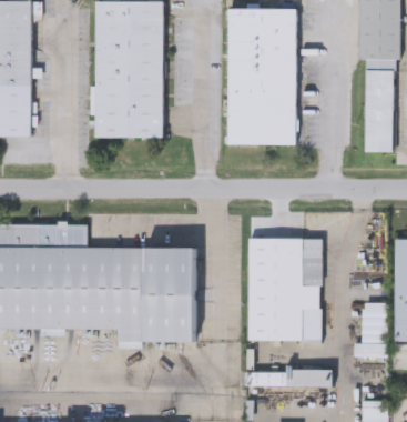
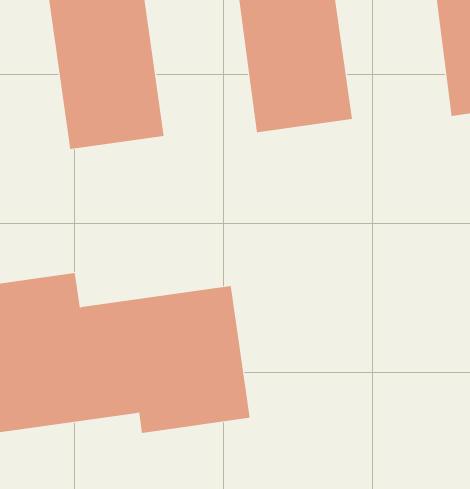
building: [248,239,322,342] -> none
building: [251,371,332,386] -> none

